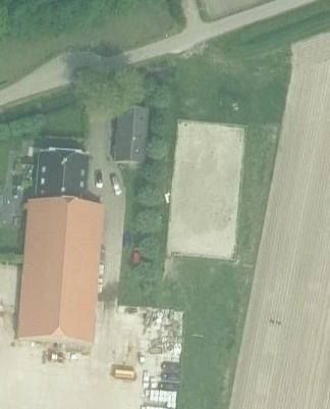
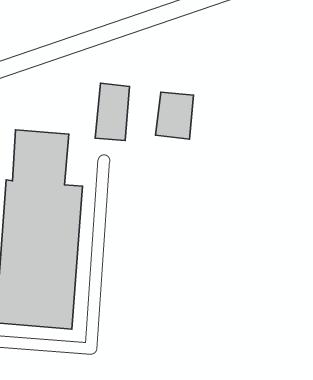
building: none -> [155,92,194,139]

